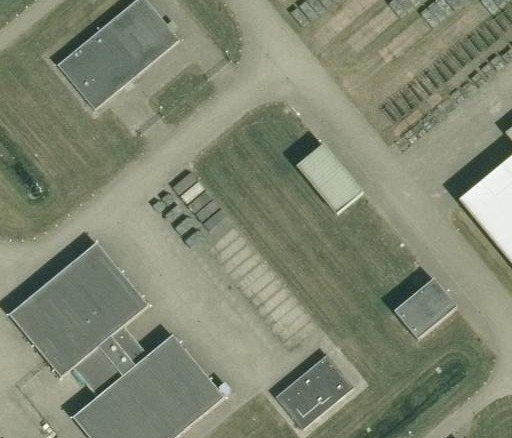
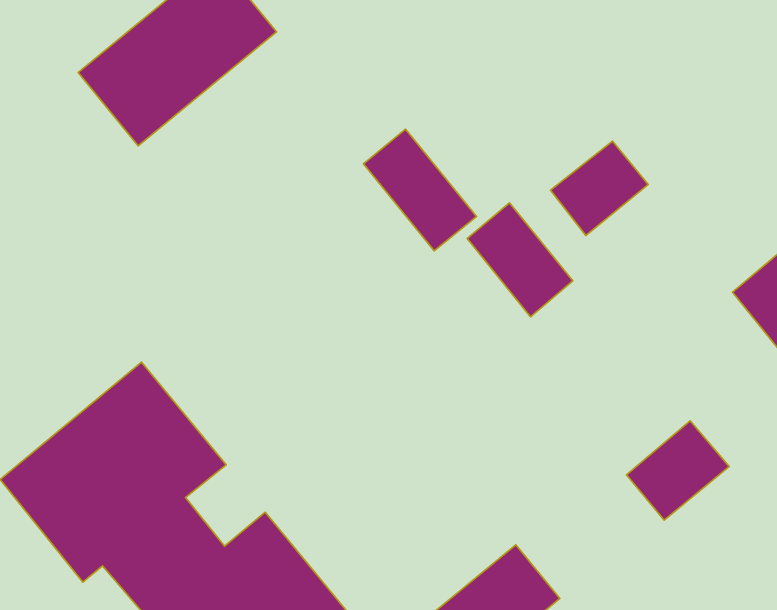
building: none -> [364,129,476,251]
building: none -> [550,141,648,235]

